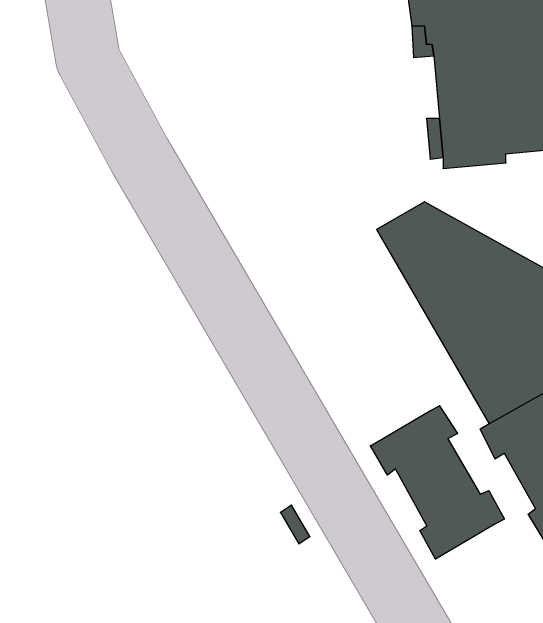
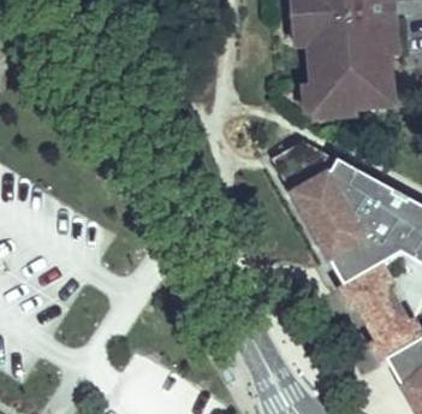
building: [370,406,504,559] -> none

